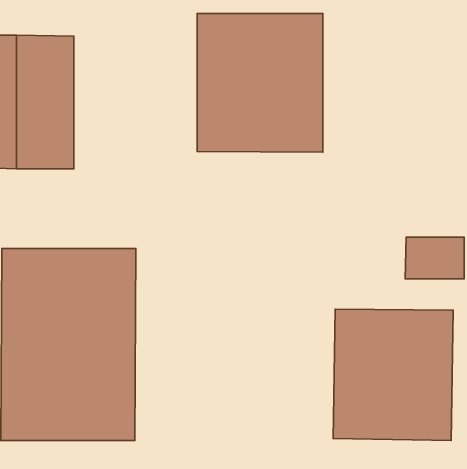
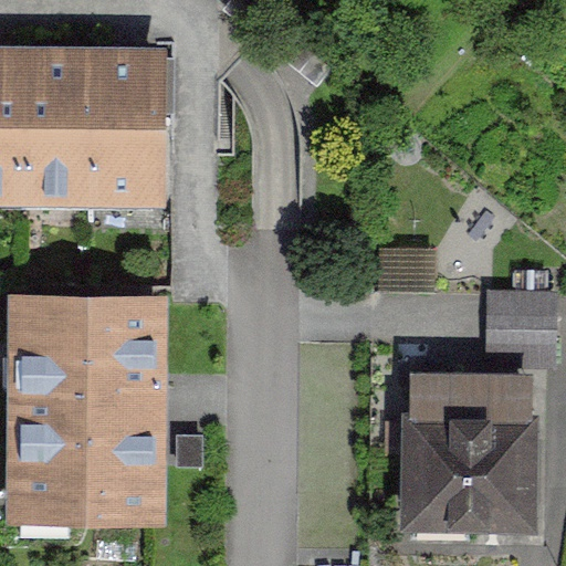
building: [197,13,323,152] -> none
building: none -> [88,46,171,206]

